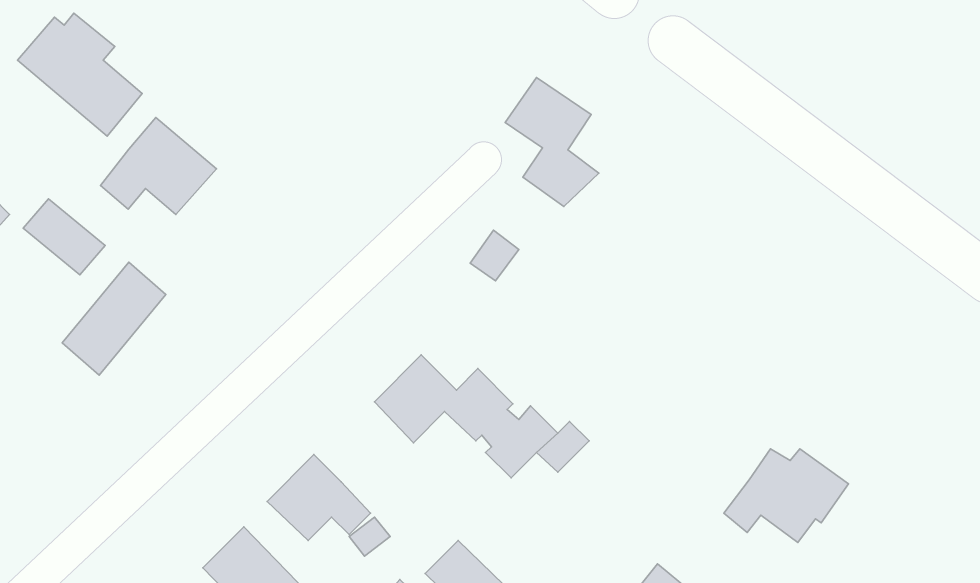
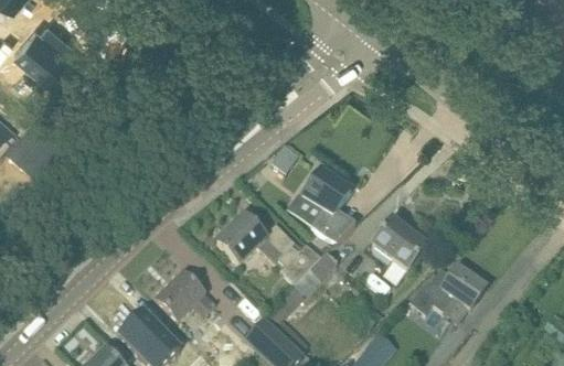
building: [505,78,599,206] -> [301,169,354,241]
building: [100,117,217,214] -> none
building: [62,262,166,375] -> none
building: none -> [371,218,426,272]

